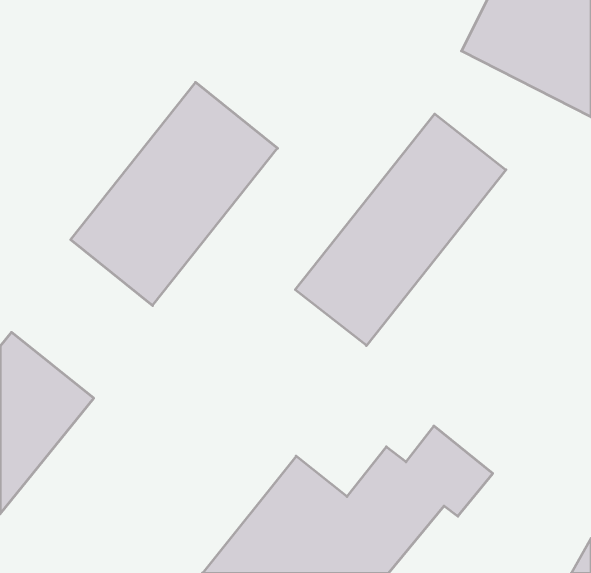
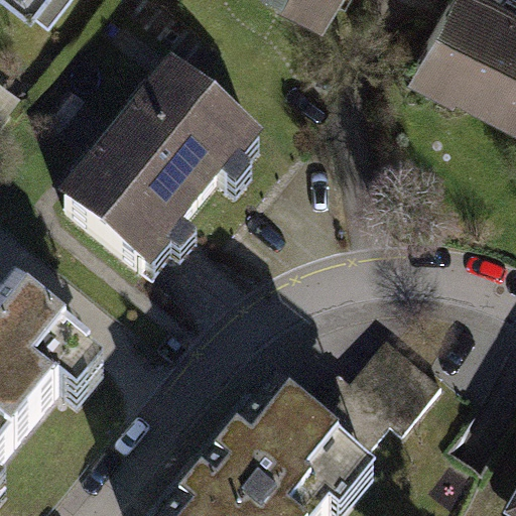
building: [295,114,506,346] -> none

